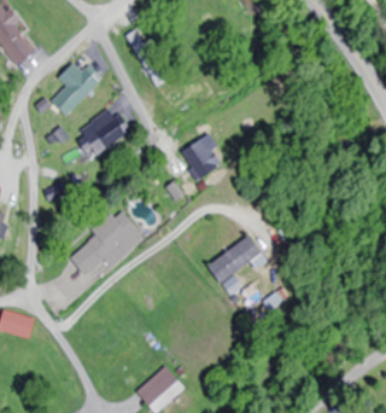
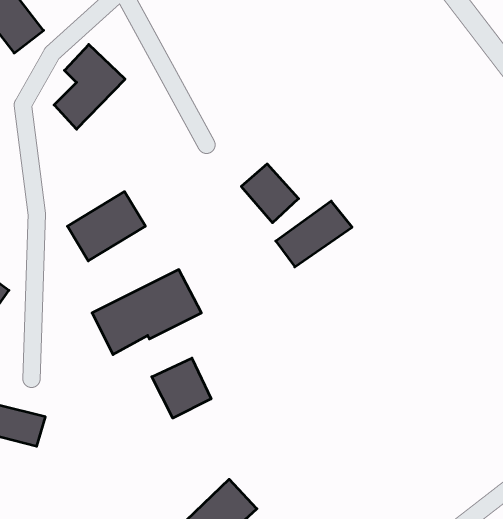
building: [69,109,123,157] -> [67,192,145,261]
building: [204,233,257,279] -> [276,201,352,267]
building: none -> [152,358,211,418]

